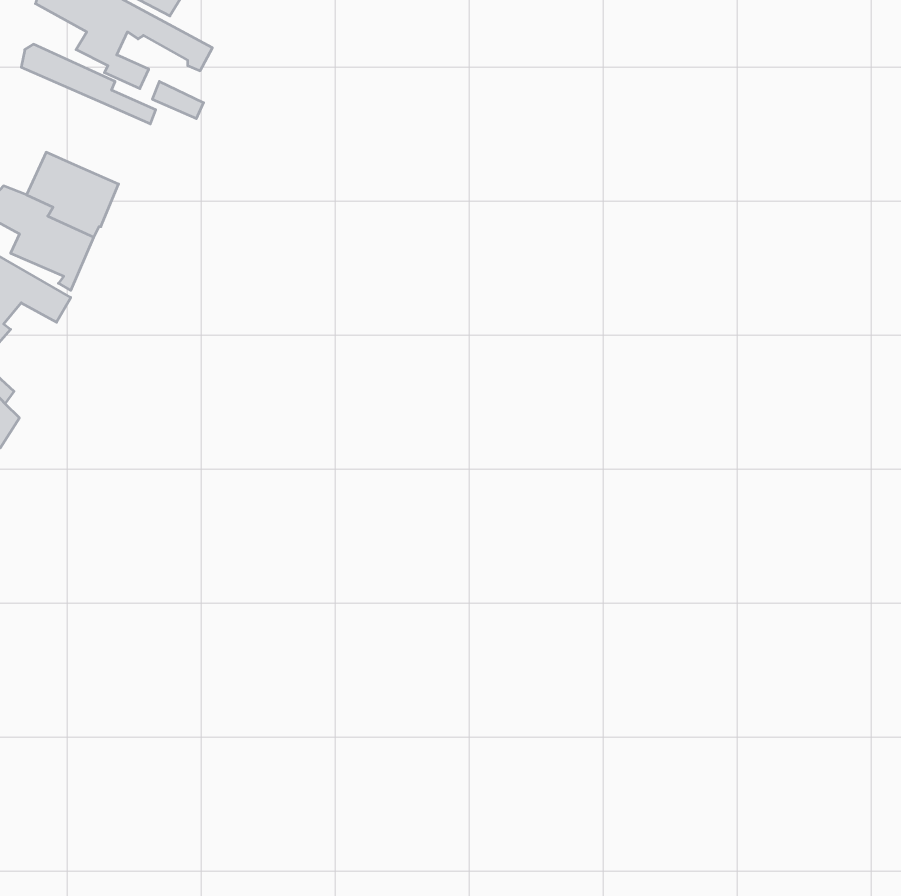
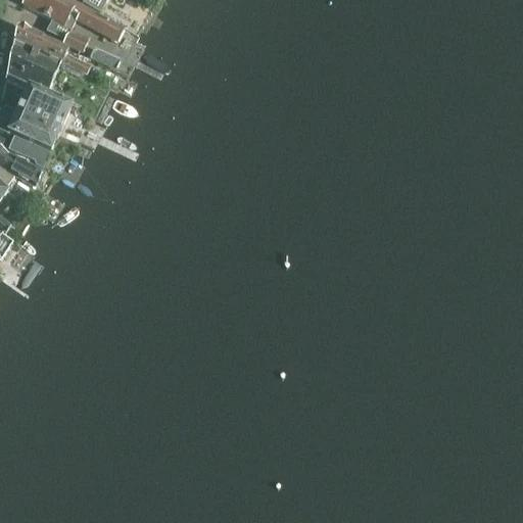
building: none -> [4,39,59,95]

